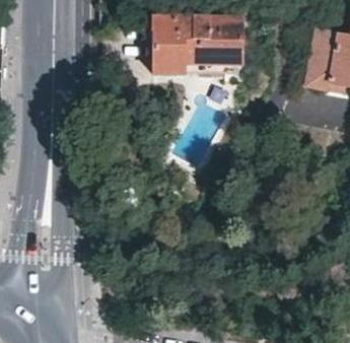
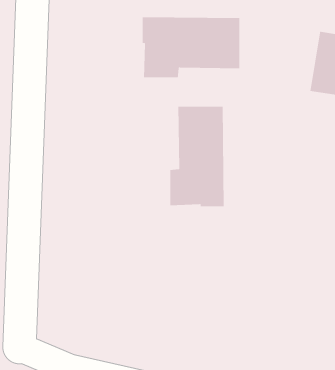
building: none -> [170,106,224,207]

